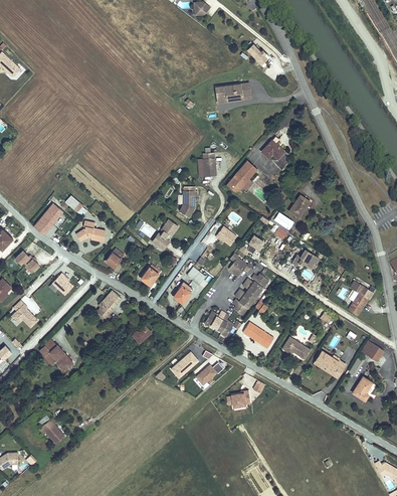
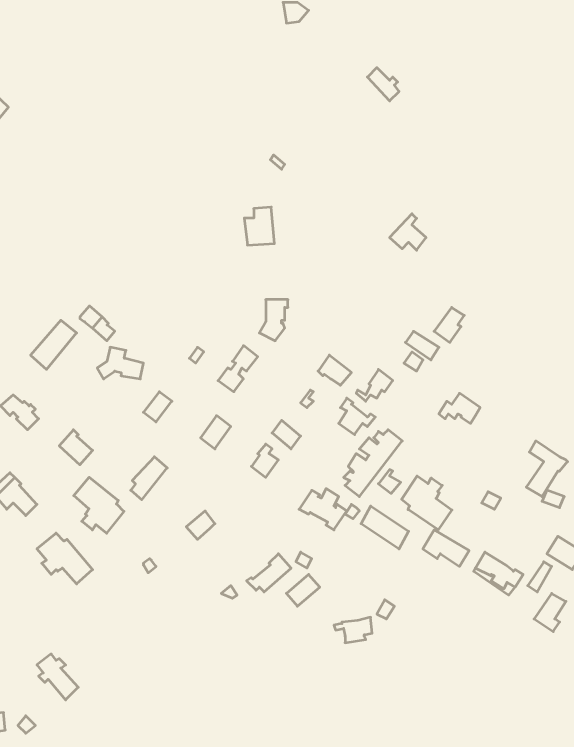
building: [217,82,251,101] -> none
building: [197,152,216,176] -> [244,207,274,245]
building: [226,160,257,193] -> none
building: none -> [402,476,452,530]
building: none -> [74,477,124,533]

